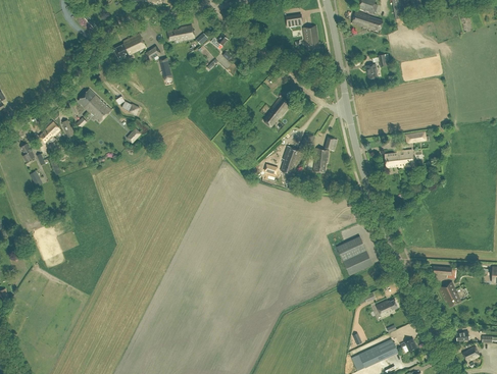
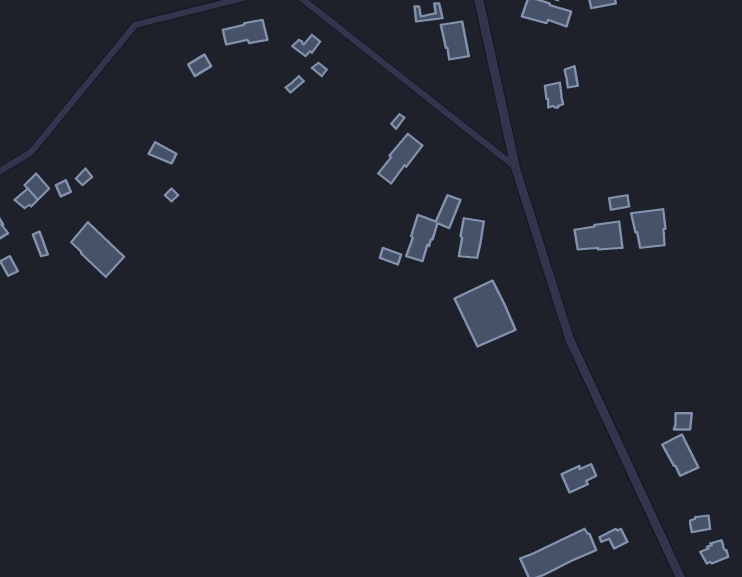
building: [114,33,147,58] -> none
building: [79,88,111,121] -> [71,222,124,277]
building: none -> [631,209,666,248]
building: [336,234,374,275] -> [455,280,516,347]

